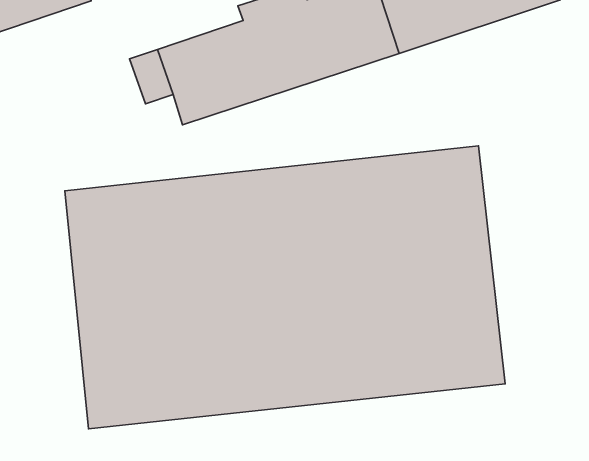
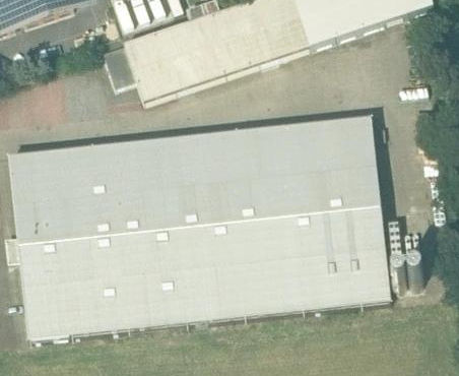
building: none -> [10,150,72,337]

